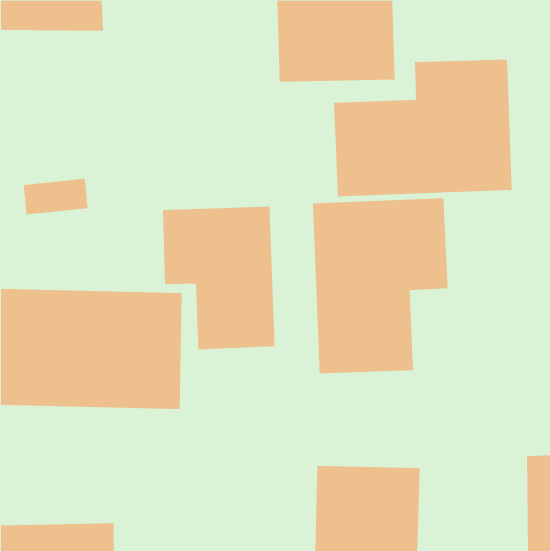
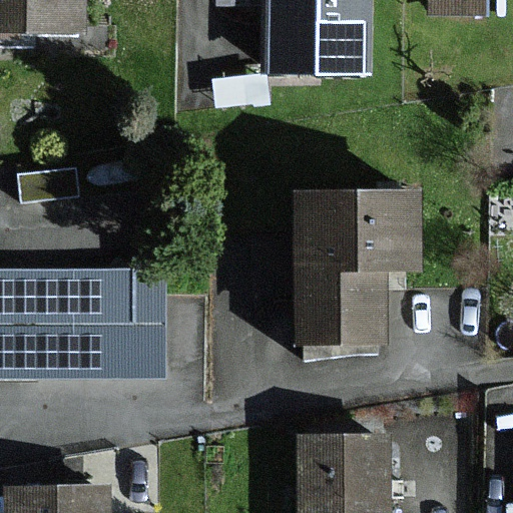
building: [334,59,512,197] -> none
building: [162,206,275,350] -> none

